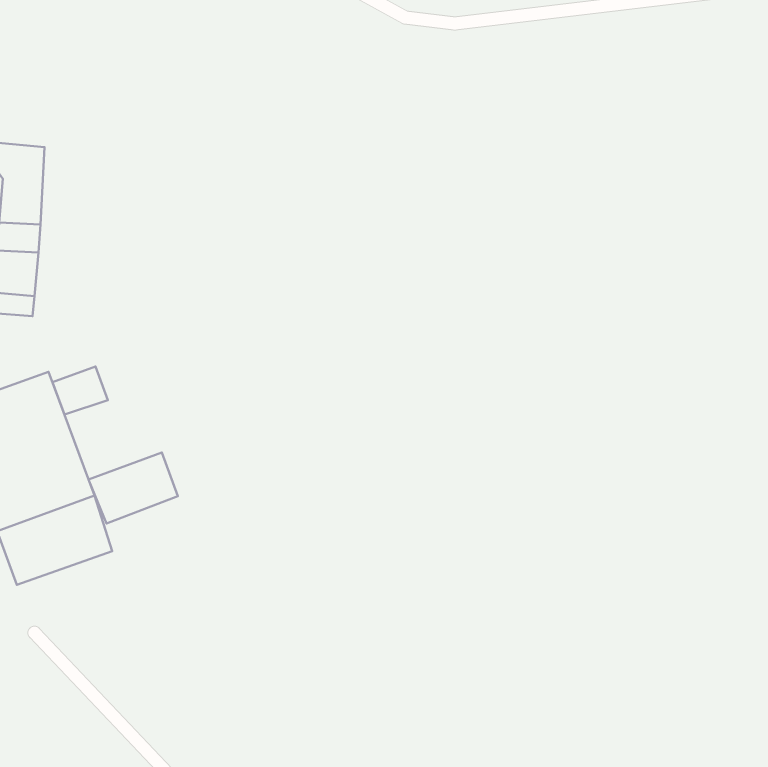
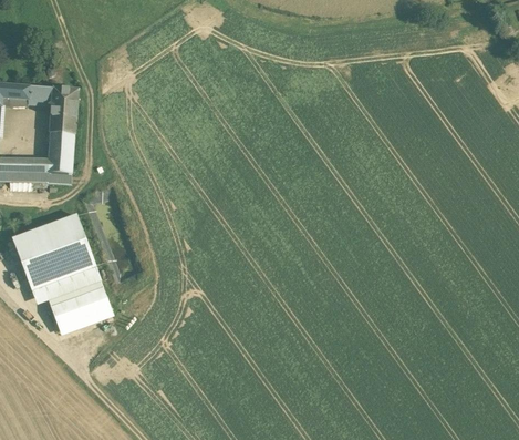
building: [52,366,108,414] -> none
building: [88,453,178,523] -> none

